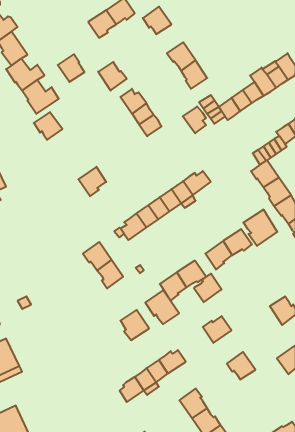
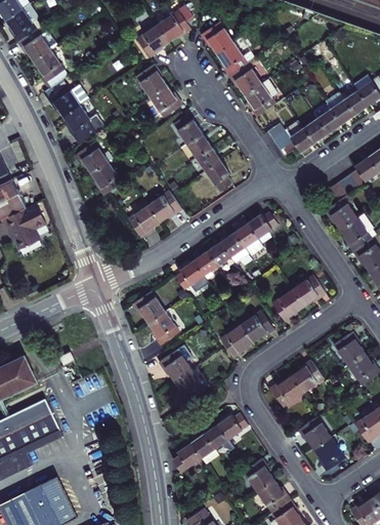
building: none -> [216,37,253,74]
building: [58,54,85,82] -> [136,64,167,95]
building: [183,106,206,133] -> [206,158,233,189]
building: none -> [91,161,122,195]
building: none -> [147,189,182,221]
building: [243,209,277,246] -> none
building: [194,274,222,302] -> [291,359,323,392]
building: none -> [333,331,364,364]
building: [145,290,179,324] -> [155,341,194,380]
building: none -> [312,437,343,470]

